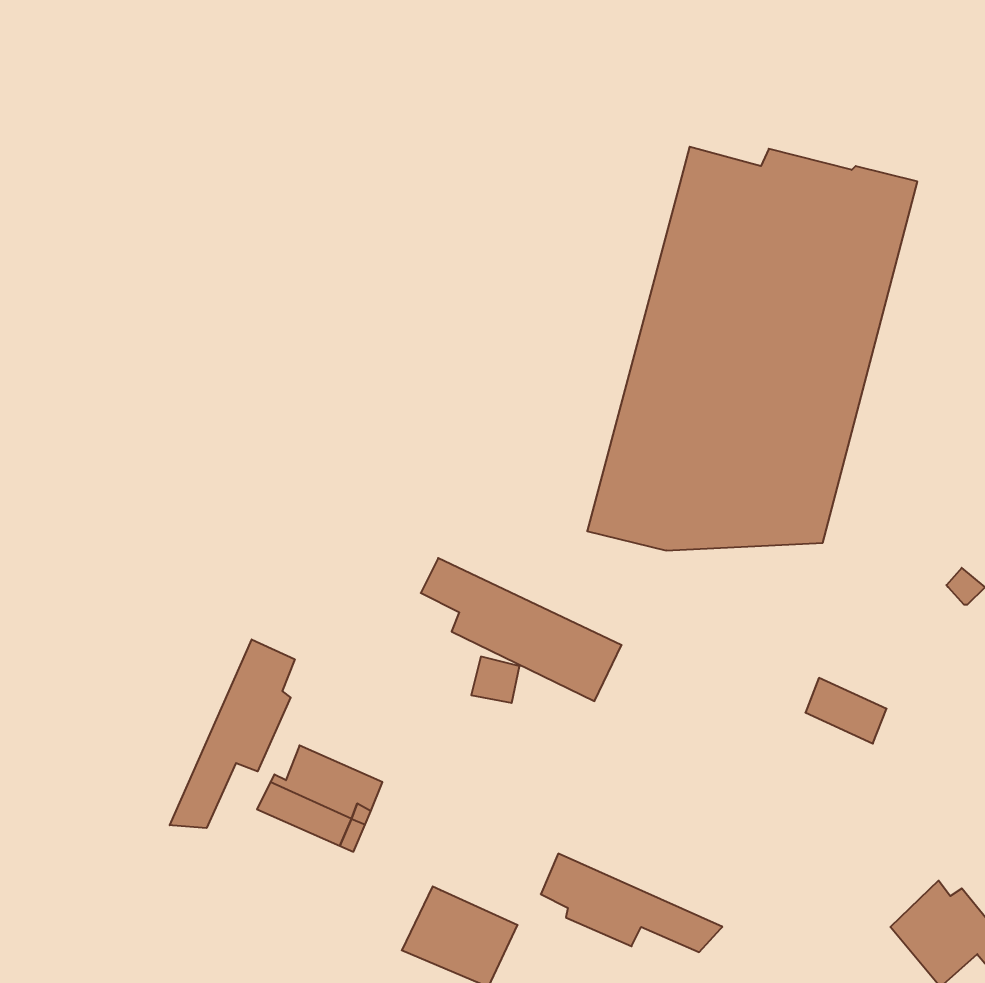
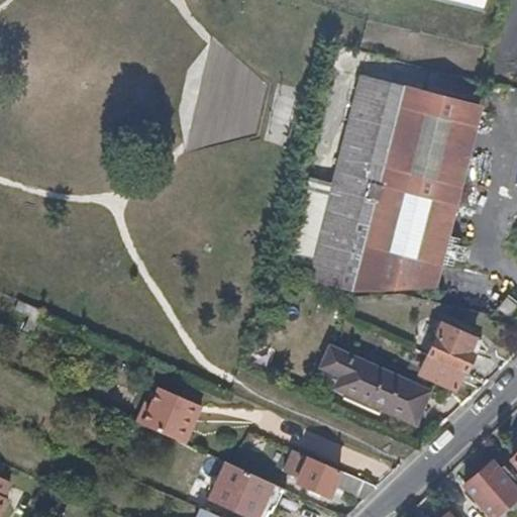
building: [421,558,622,701] -> [323,347,428,422]
building: none -> [429,325,478,377]
building: [170,639,295,828] -> none

